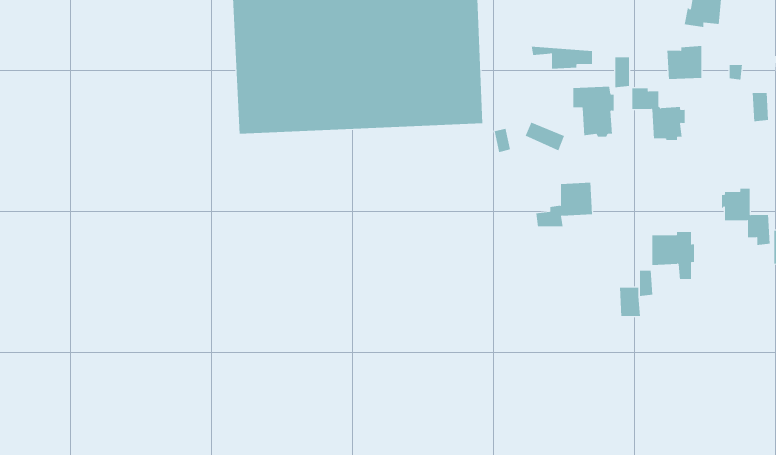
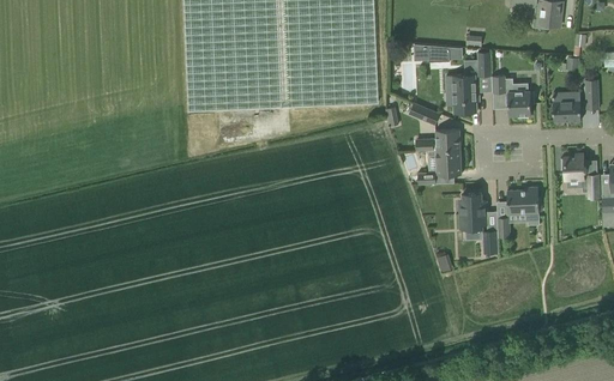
building: [667,46,702,80] -> [553,95,580,121]
building: none -> [415,128,460,150]
building: none -> [459,192,487,229]

